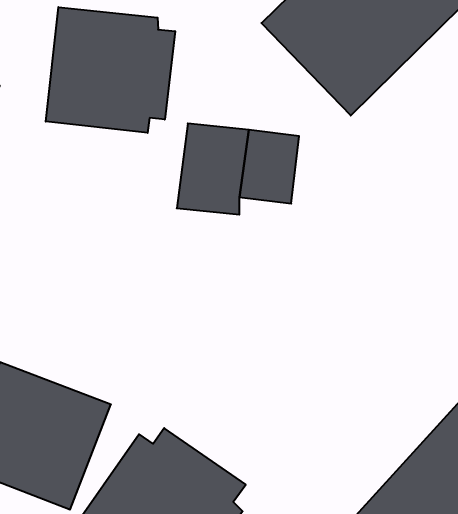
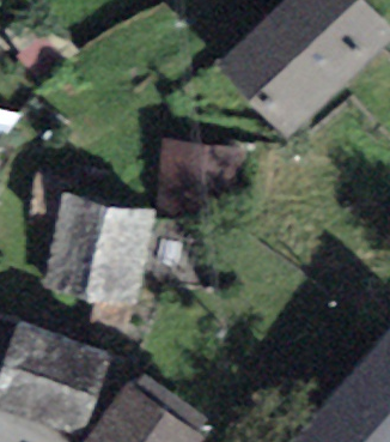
building: [46,7,175,133] -> none
building: none -> [42,193,153,307]

